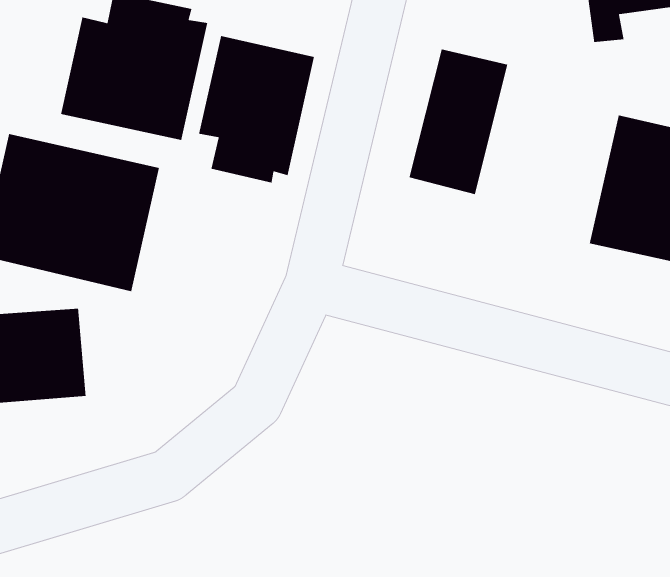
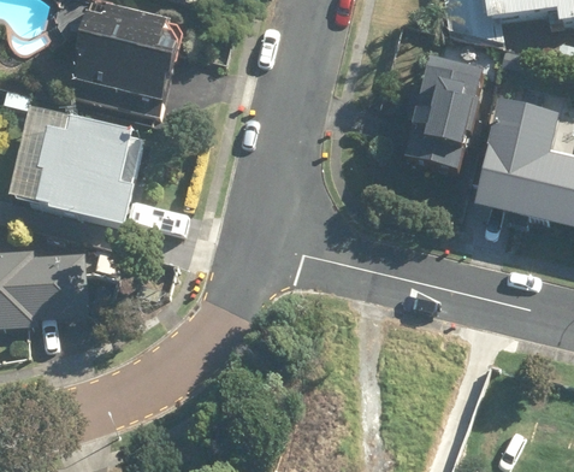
building: [198,35,315,183] -> none
building: [408,49,508,195] -> [402,63,479,176]

